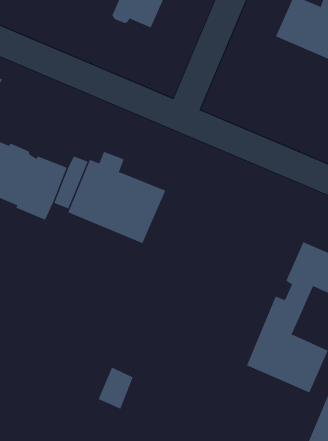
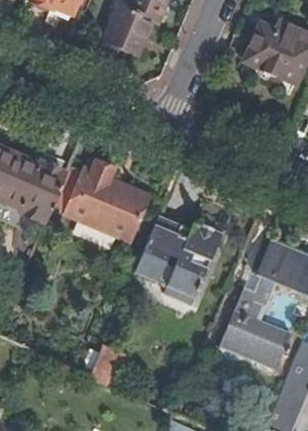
building: none -> [134,215,219,305]

